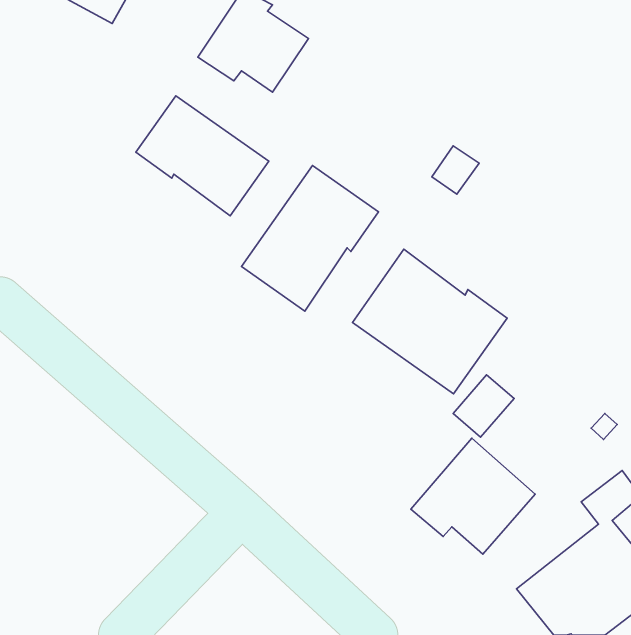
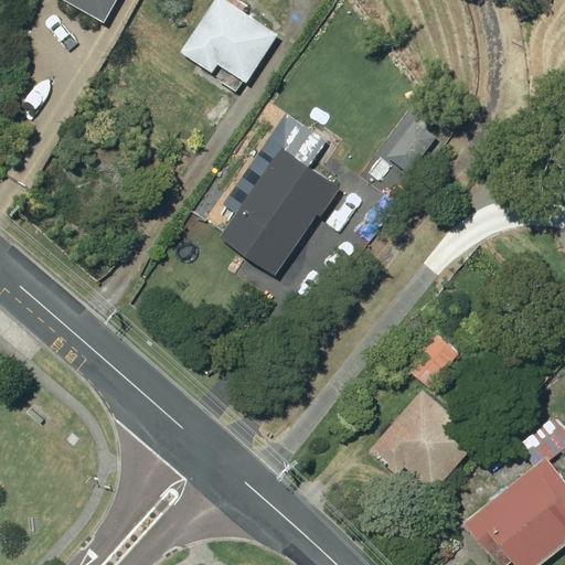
building: [136,96,269,216] -> none
building: [352,249,507,394] -> none

